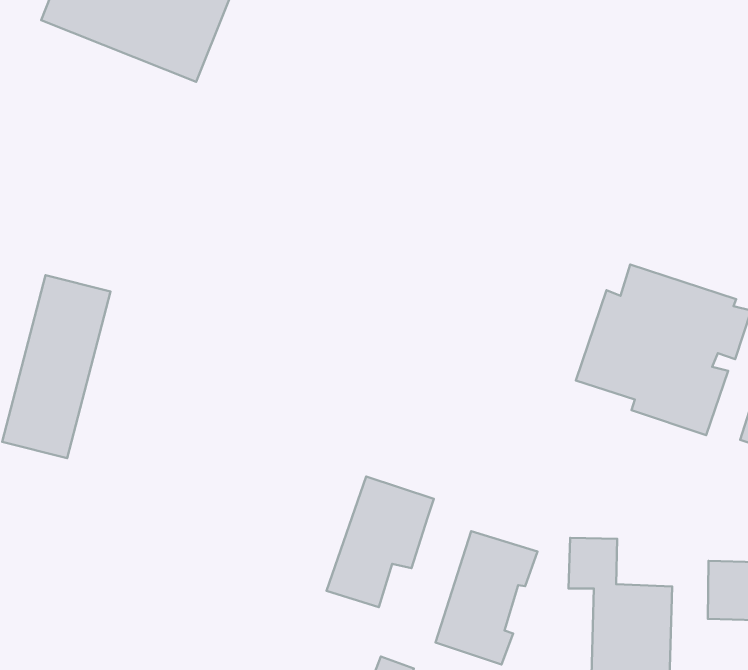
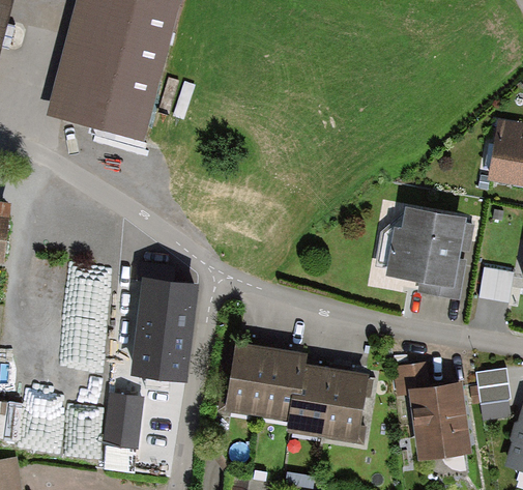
building: none -> [127,277,200,384]
building: none -> [216,341,271,416]
building: none -> [105,394,146,449]
building: none -> [288,367,336,437]

